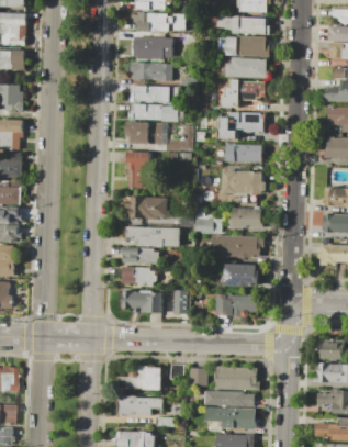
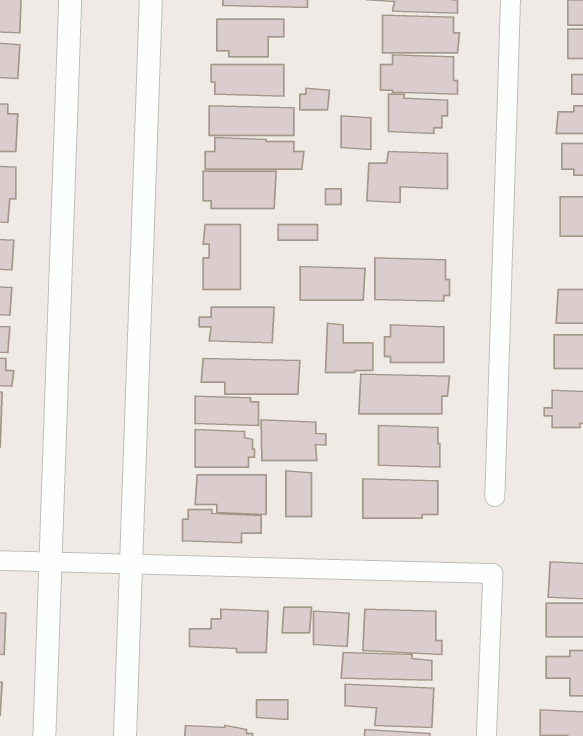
building: [226,143,262,161] -> [300,266,365,300]
building: none -> [261,420,326,461]
building: [119,395,162,414] -> [182,509,261,543]

